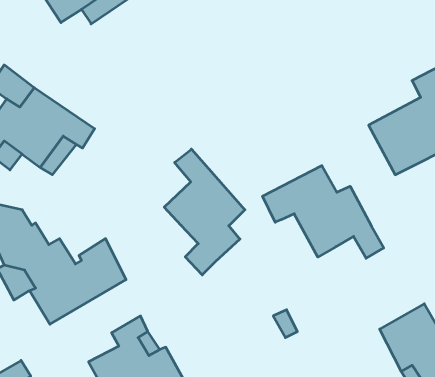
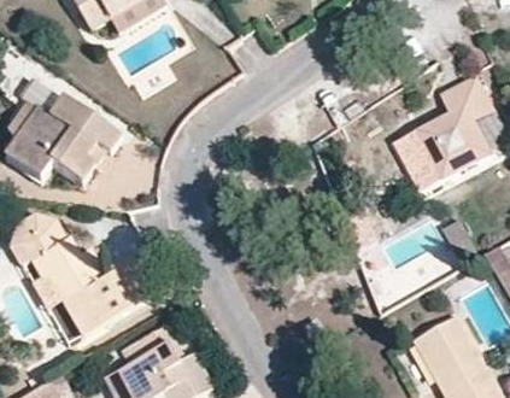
building: [164,149,245,275] -> none
building: [263,166,384,258] -> none

